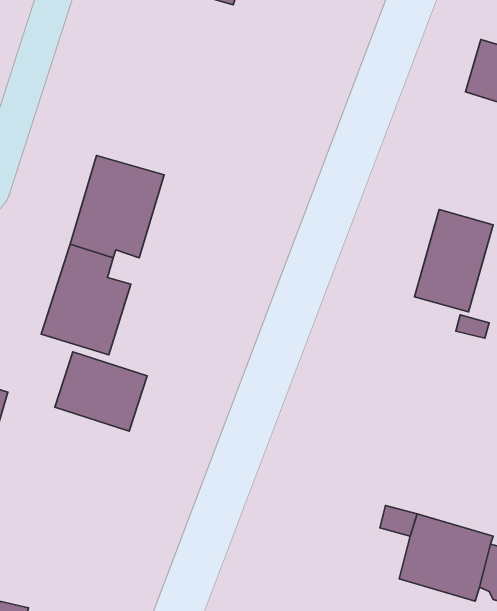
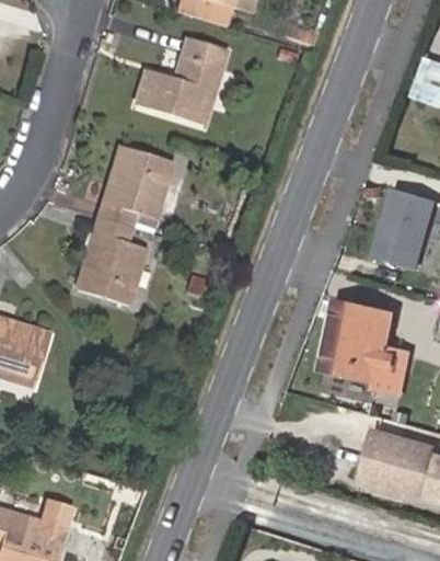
building: none -> [138,38,228,125]
building: [55,352,147,431] -> none
building: none -> [320,301,407,393]

